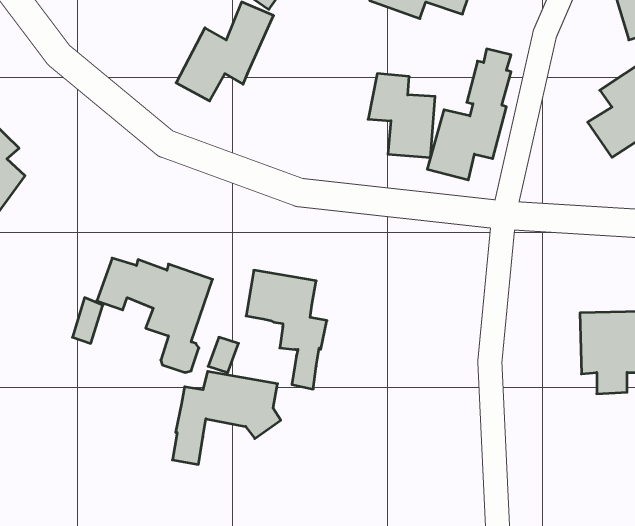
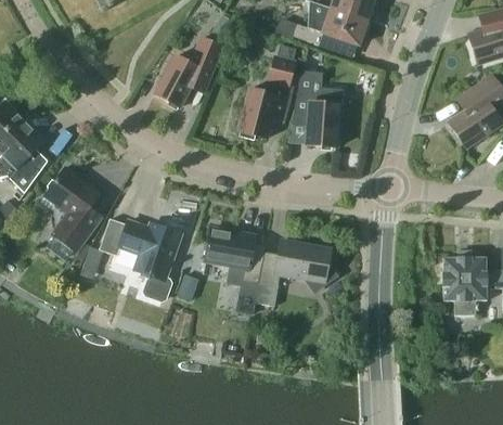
building: [427,49,511,180] -> [237,44,297,138]
building: none -> [40,165,103,252]
building: [172,371,281,464] -> [256,240,333,306]

